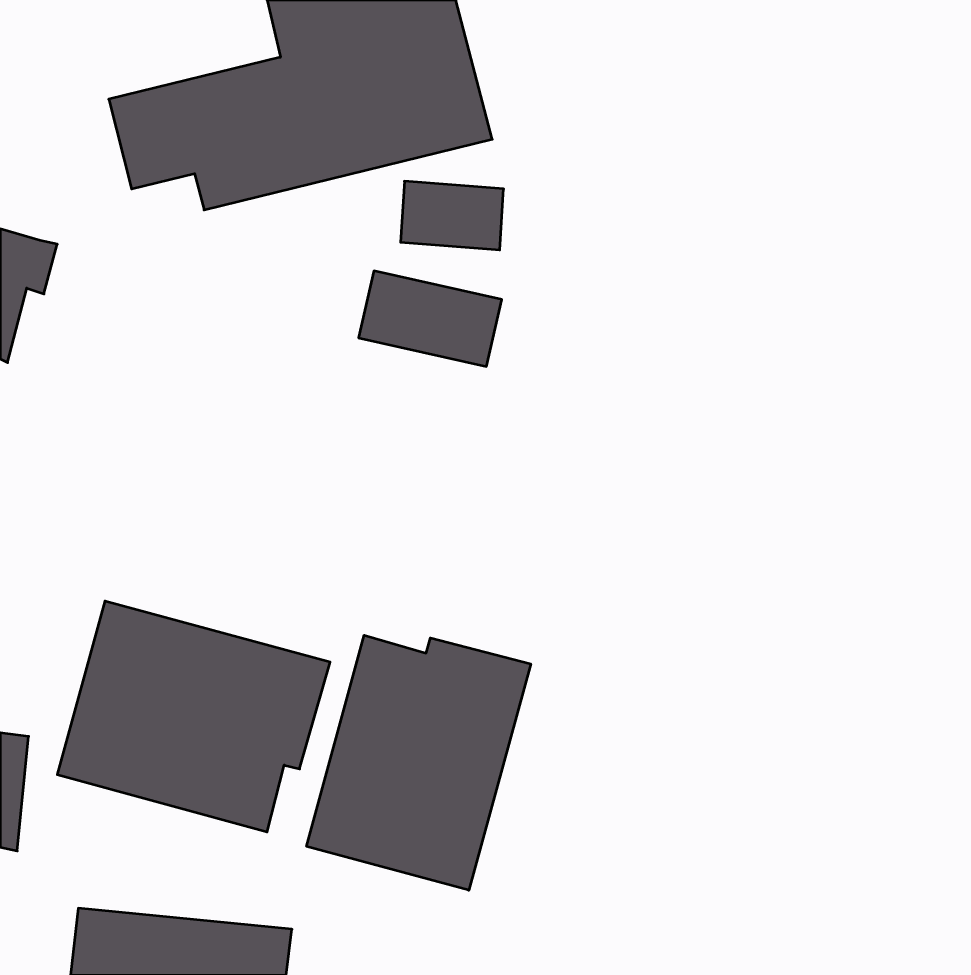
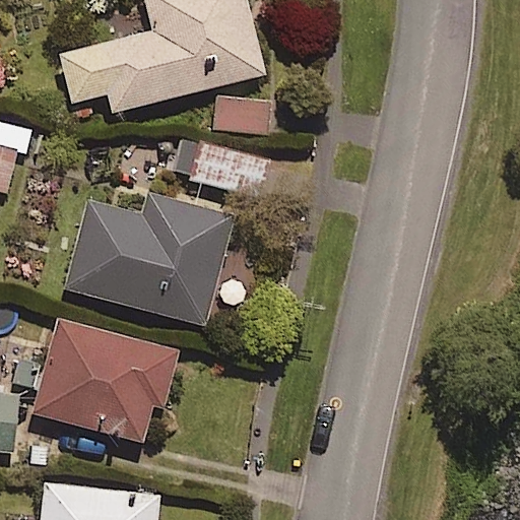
building: none -> [66,194,234,325]
building: [307,635,531,890] -> none

